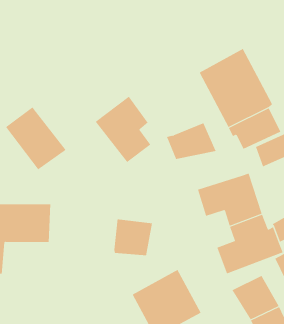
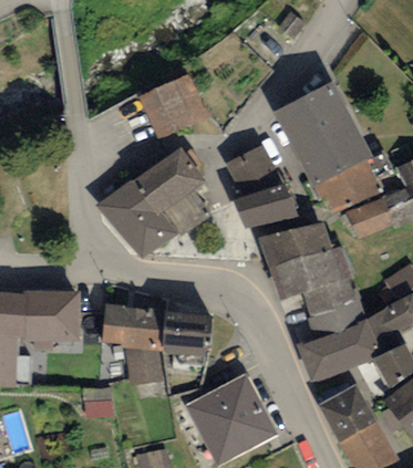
building: none -> [147,77,205,132]
building: none -> [225,144,283,198]
building: [5,106,66,170] -> [97,177,178,261]
building: none -> [261,221,330,270]
building: none -> [100,300,165,382]

